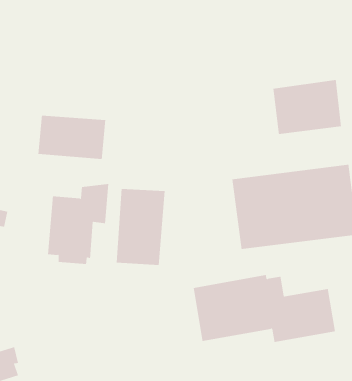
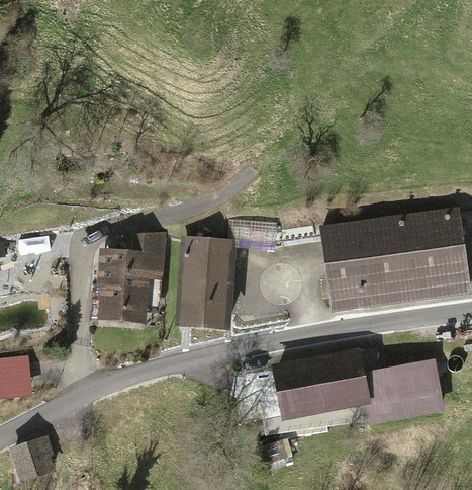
building: [273,79,342,135] -> none
building: [38,115,106,160] -> none

